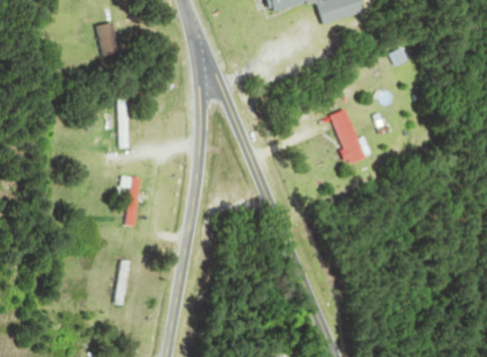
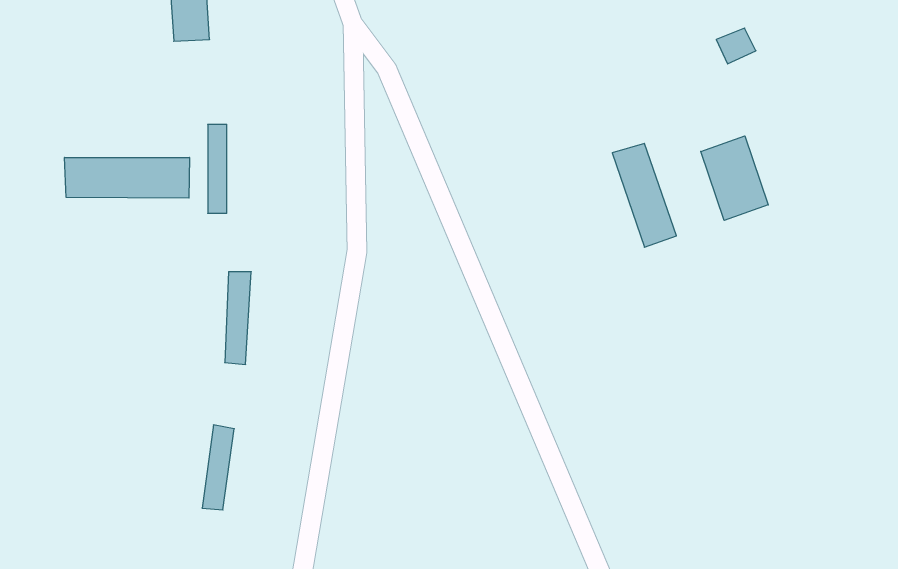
building: none -> [701,136,768,220]
building: none -> [65,157,189,198]

